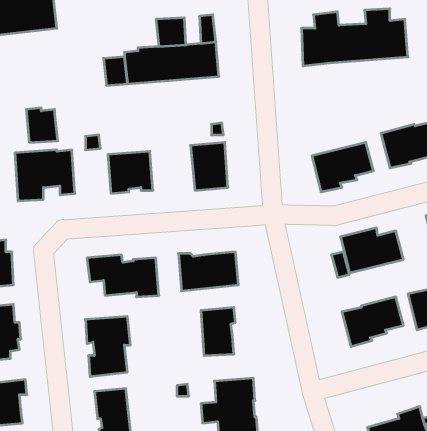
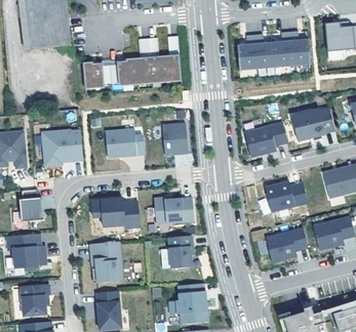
building: [26,108,58,142] -> [83,61,105,85]

